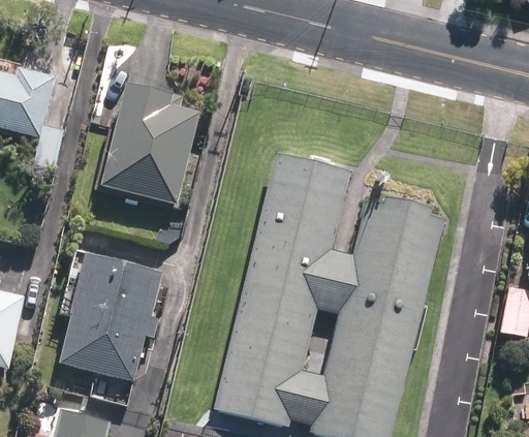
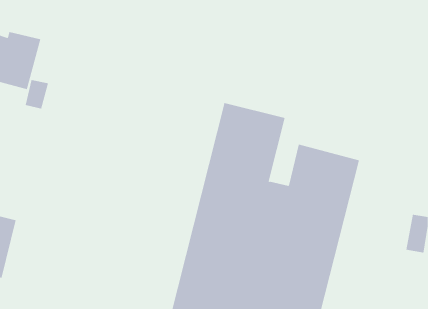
building: [99,81,197,200] -> none
building: [56,251,158,381] -> none

